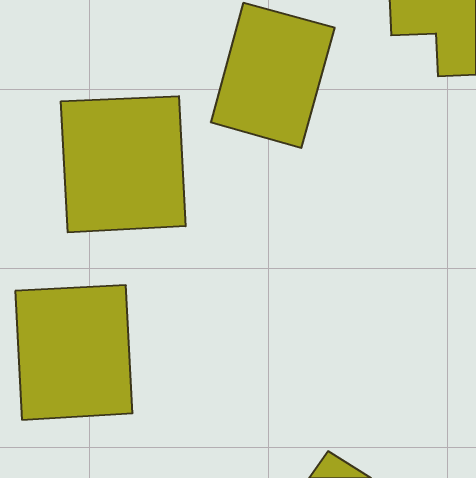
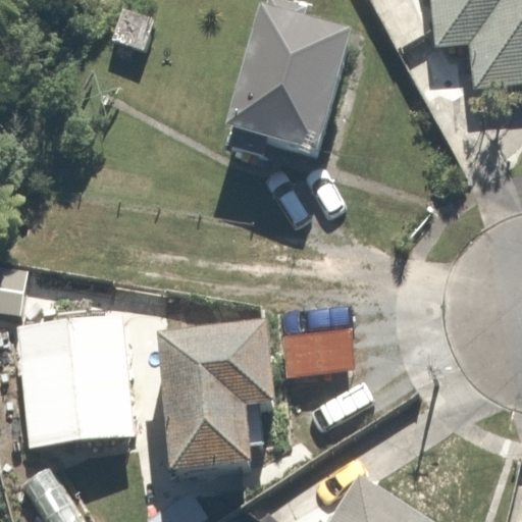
building: [61,96,186,232] -> none
building: none -> [156,322,279,474]

